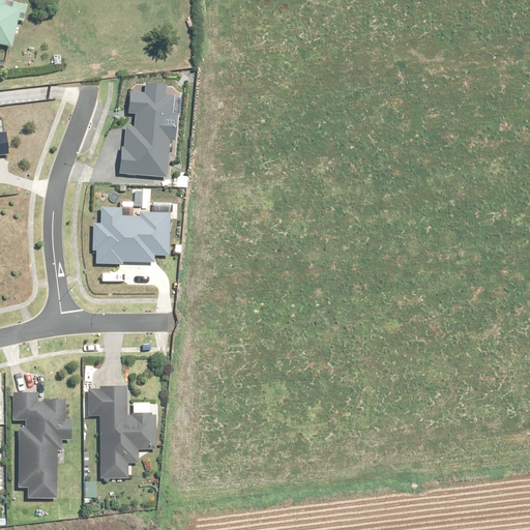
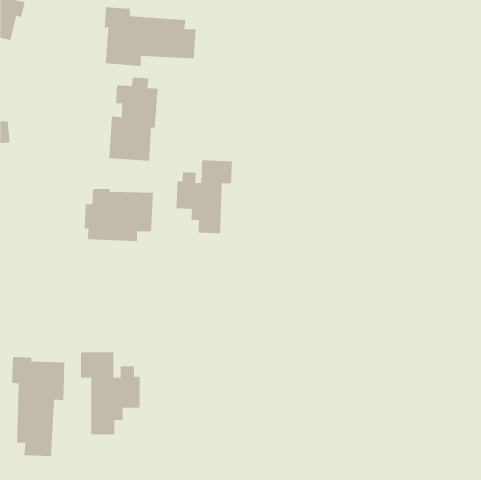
building: none -> [104,7,196,67]
building: none -> [176,160,232,234]

